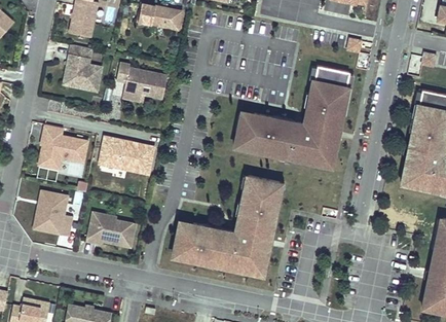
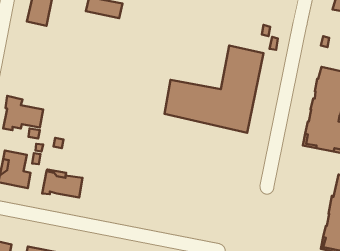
building: [65,45,102,92] -> none
building: [116,62,168,98] -> none
building: [99,137,153,174] -> none
building: [172,176,280,273] -> none

